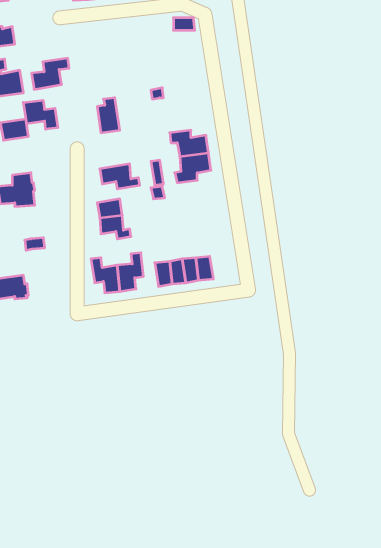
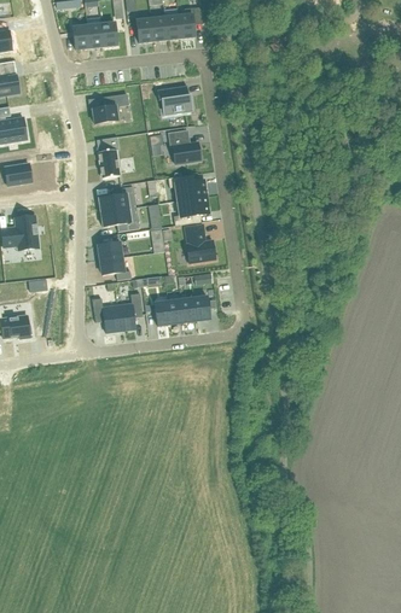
building: none -> [157,84,193,115]
building: [32,58,69,89] -> [92,93,128,123]
building: none -> [168,129,200,162]
building: [23,100,58,129] -> none
building: none -> [98,185,133,211]
building: none -> [185,223,215,262]

